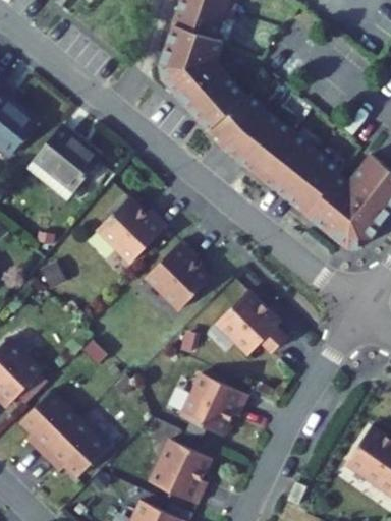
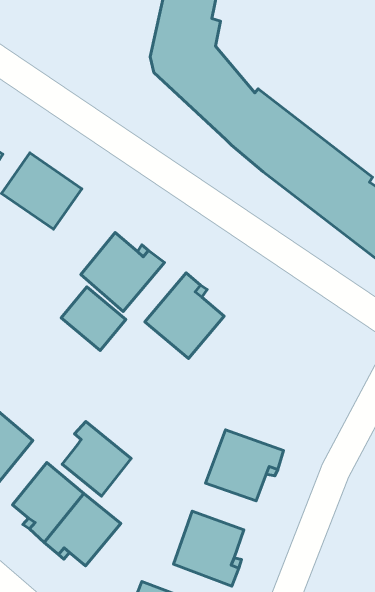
building: none -> [61,287,126,350]
building: [215,291,285,355] -> none
building: none -> [62,422,131,496]

